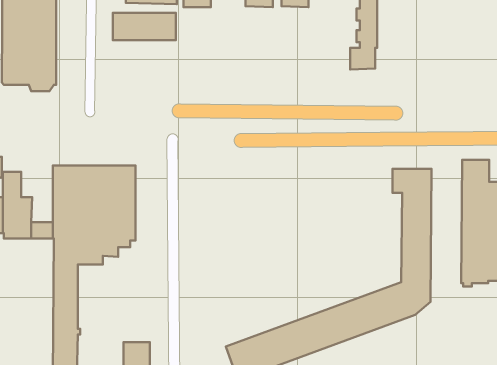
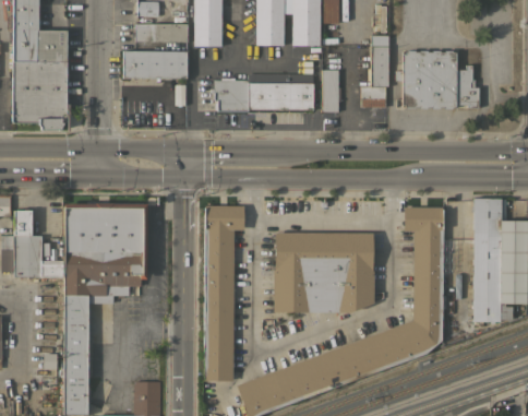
building: none -> [396,50,479,109]
building: none -> [322,70,340,111]
building: none -> [212,73,313,112]
building: none -> [203,206,243,381]
building: none -> [273,233,373,312]

